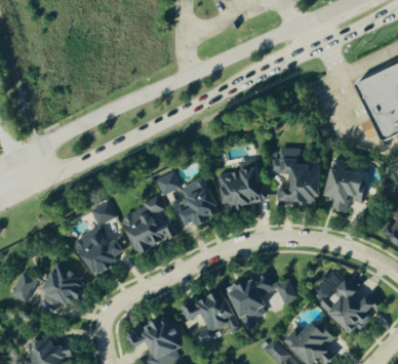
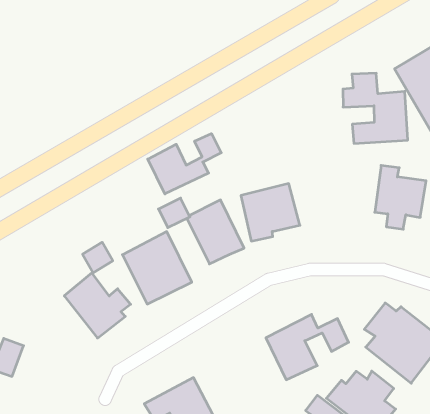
building: none -> [148,134,221,194]
building: [271,148,321,204] -> [343,73,408,143]
building: [46,266,90,309] -> none
building: [185,291,239,332] -> none

